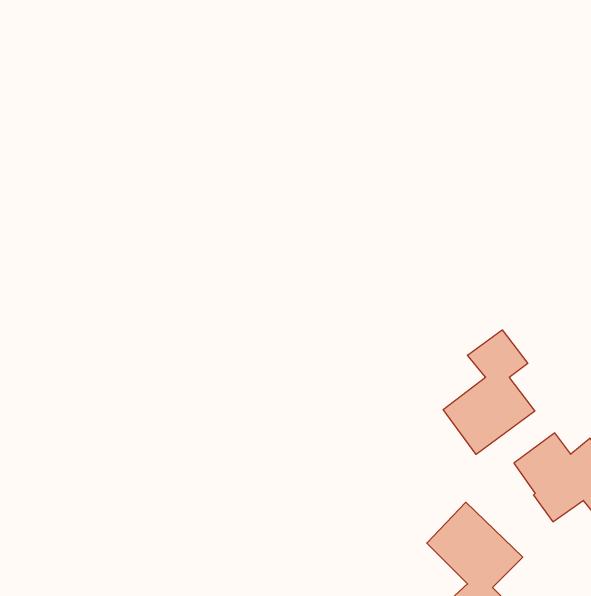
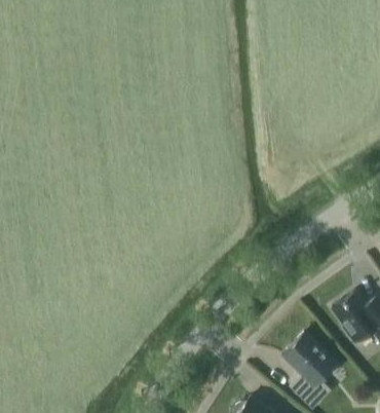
building: [443,330,535,454] -> none

